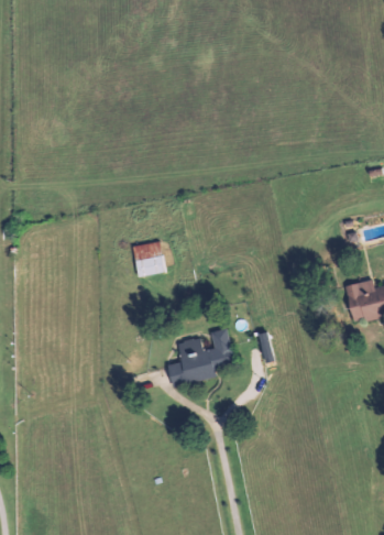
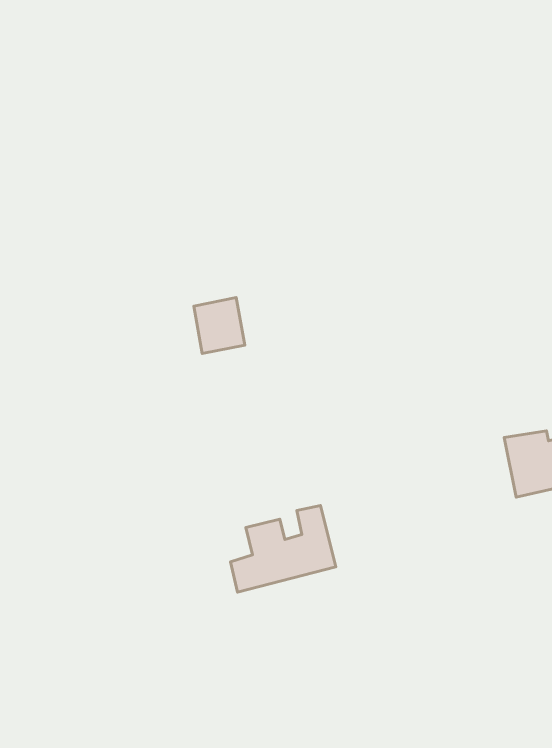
building: [133,240,166,276] -> [194,298,245,354]

